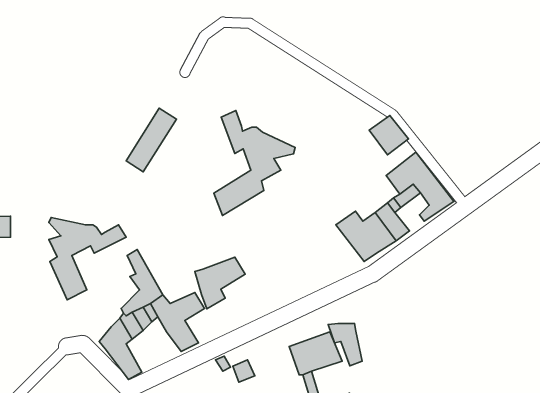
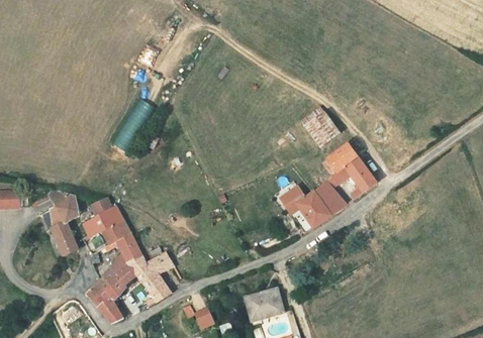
building: [214,110,295,215] -> none
building: none -> [82,207,119,243]
building: [195,257,245,309] -> none
building: [328,323,362,366] -> none

